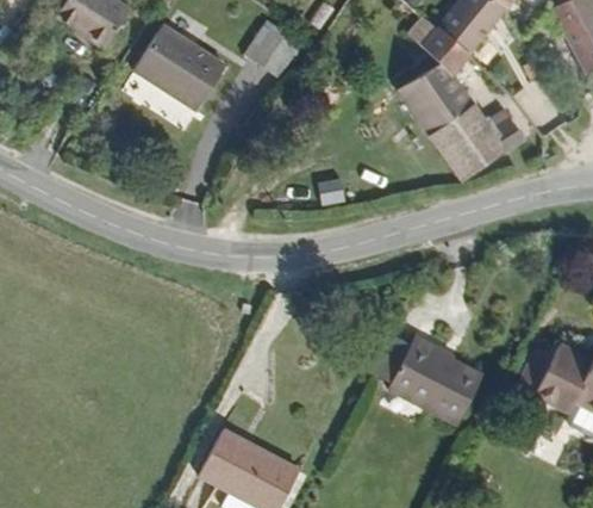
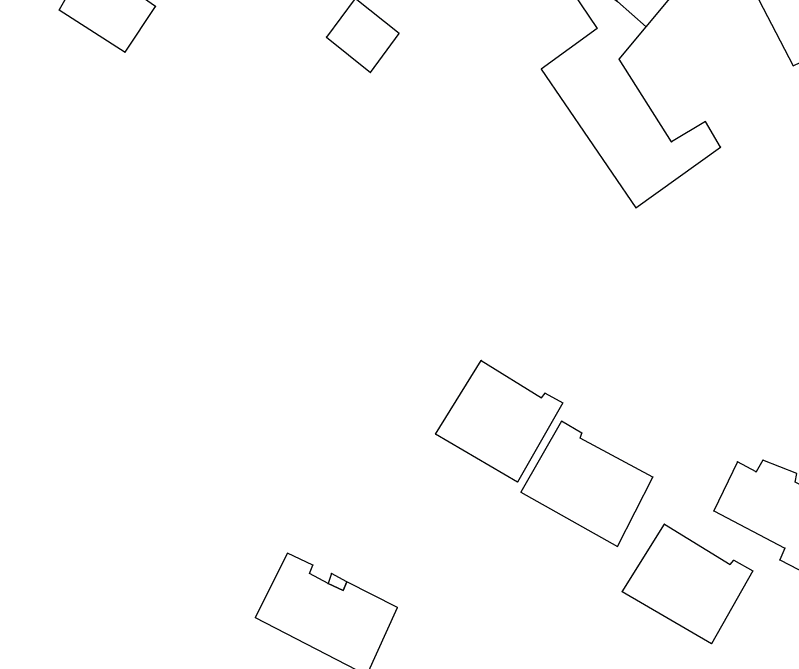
building: [144,41,225,118] -> none
building: none -> [436,360,563,482]
building: none -> [622,524,753,644]

